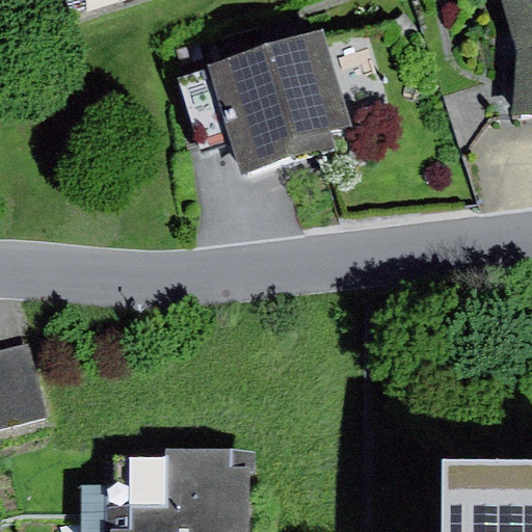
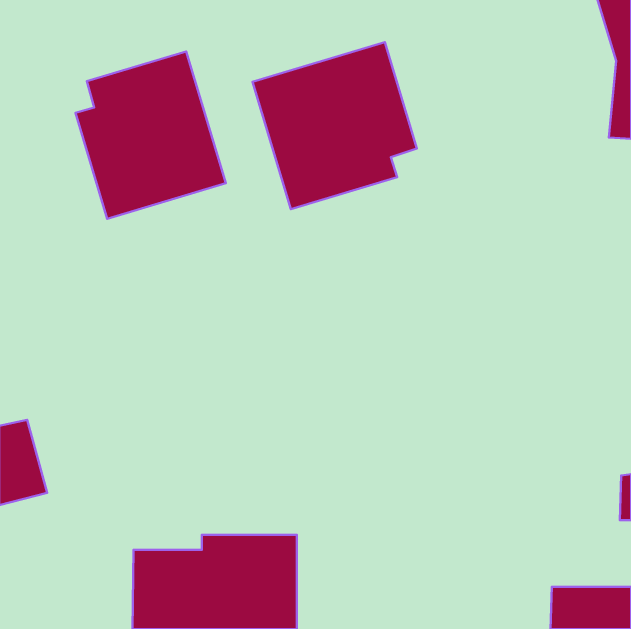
building: none -> [75,51,226,219]

